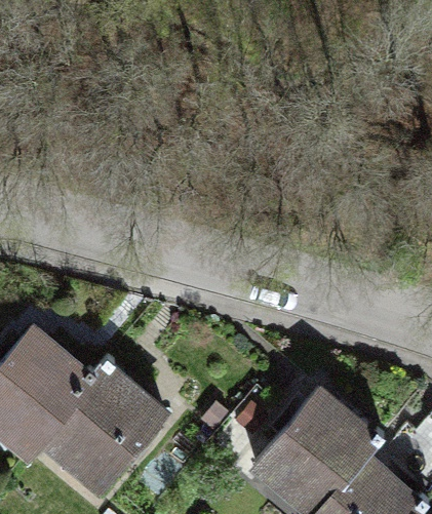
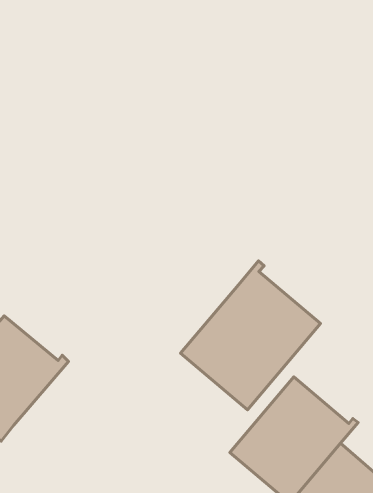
building: none -> [181,261,320,410]
building: [40,359,163,489] -> none

